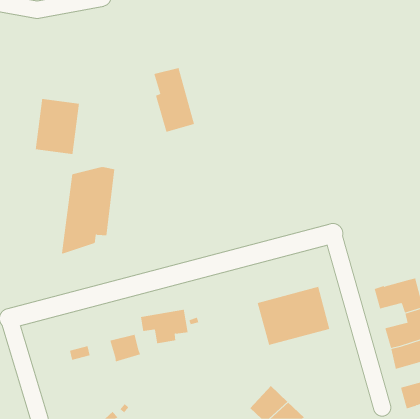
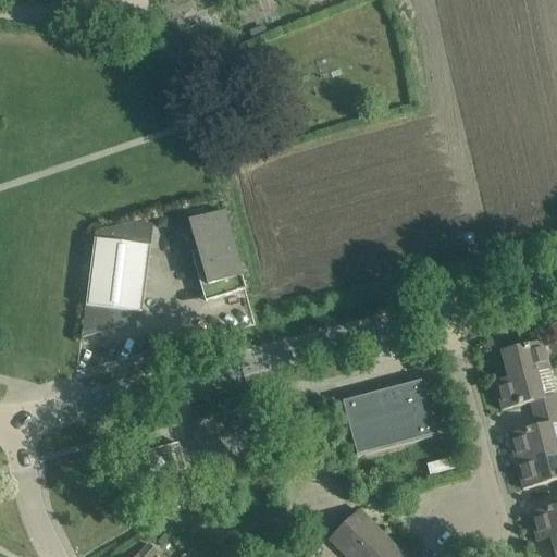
building: [154,67,195,133] -> [190,212,245,298]
building: [35,98,79,155] -> none
building: none -> [502,339,550,377]

